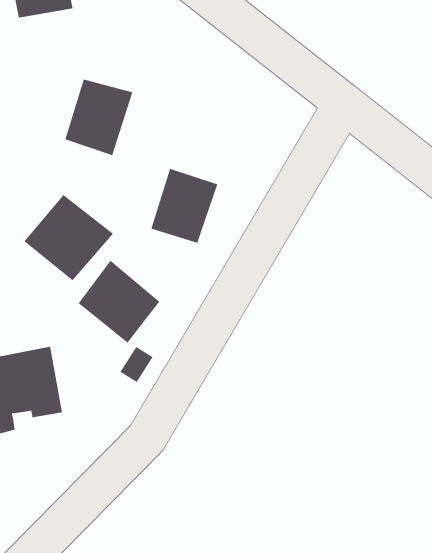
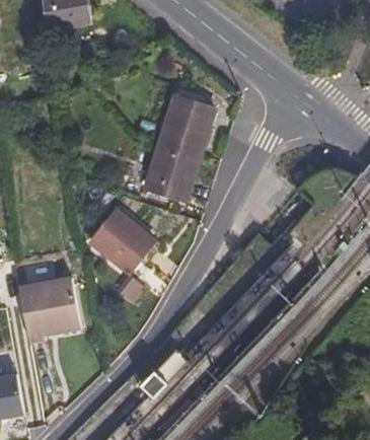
building: [64,79,133,156] -> [160,96,212,154]
building: [23,194,114,281] -> none

